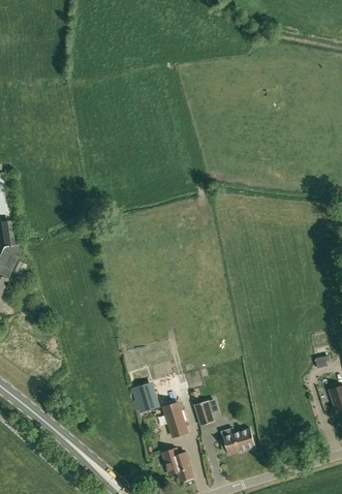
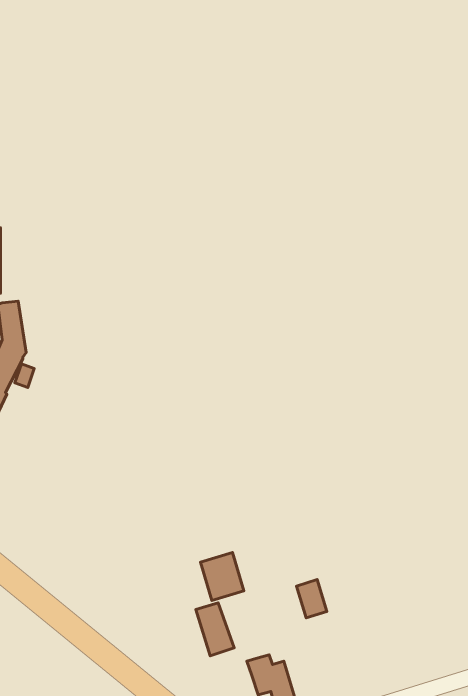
building: [163,403,188,437] -> [196,603,234,656]
building: [220,428,255,454] -> none

